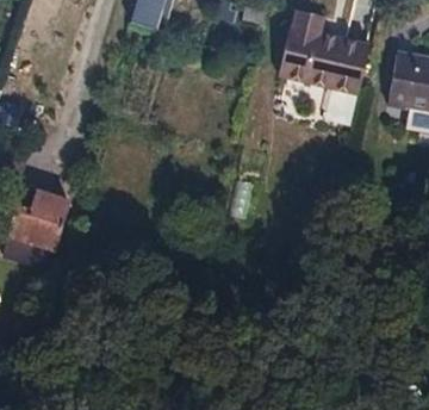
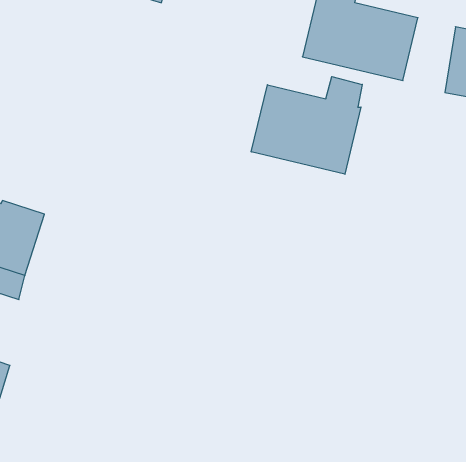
building: none -> [251,77,362,174]

